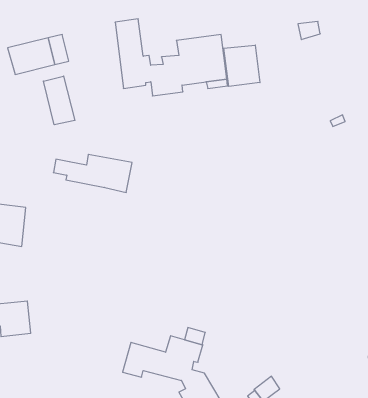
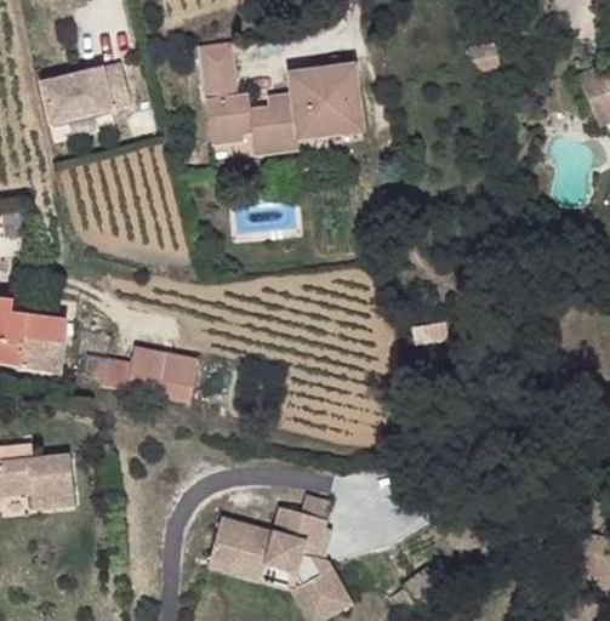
building: [224,45,260,86] -> none
building: [43,76,75,125] -> none
building: [53,154,132,192] -> [82,347,198,403]

